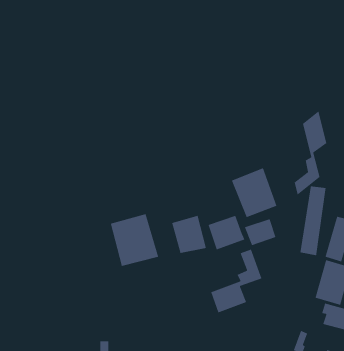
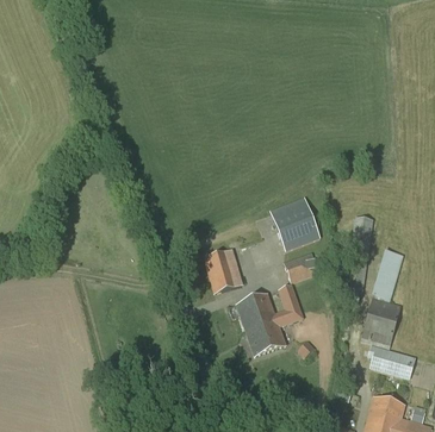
building: [294,110,327,196] -> none
building: [110,213,159,267] -> none
building: [208,215,246,251] -> [236,293,278,332]

